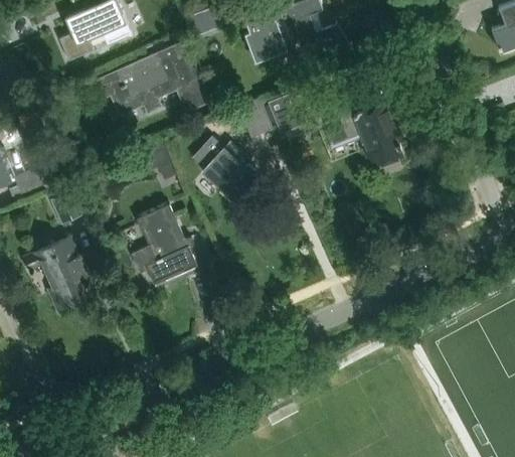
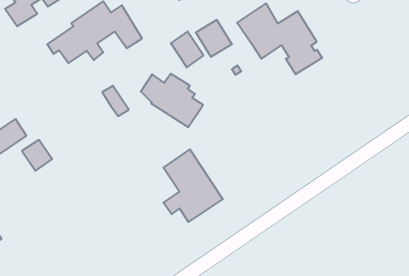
building: [130,202,197,284] -> [163,149,223,222]
building: [23,237,94,309] -> none

